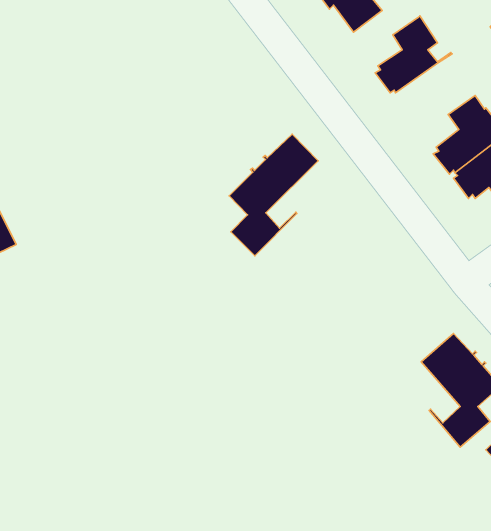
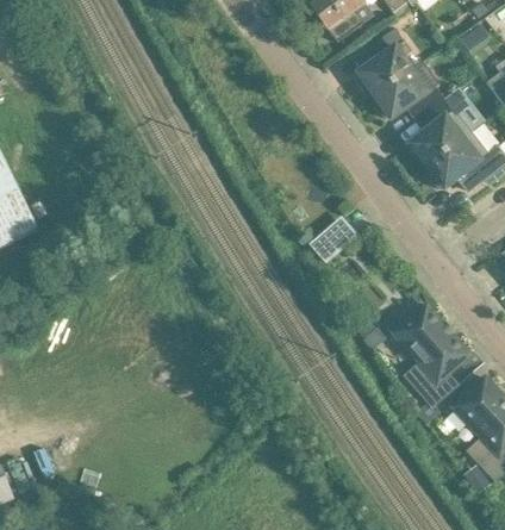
building: none -> [373,60,453,117]
building: [229,134,318,256] -> none
building: none -> [307,212,357,262]

